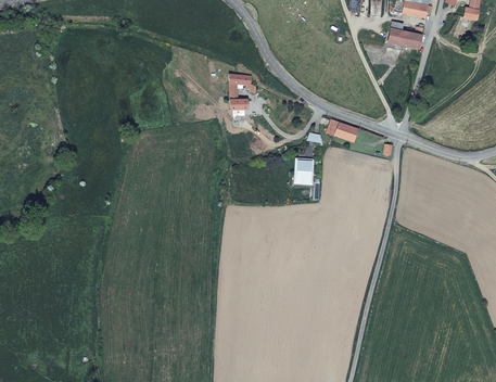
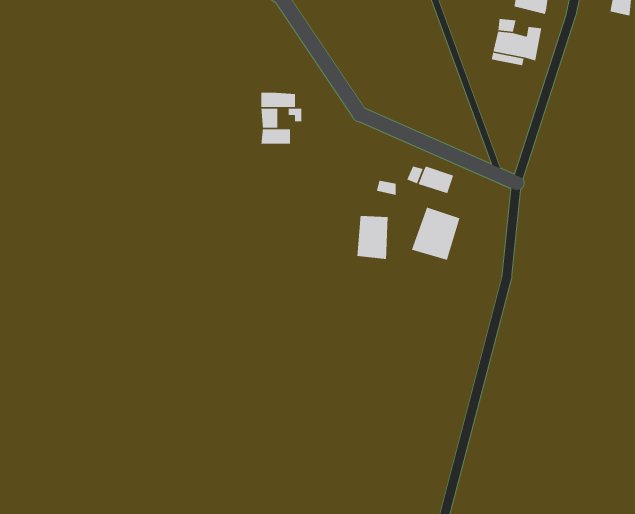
building: none -> [411,206,461,261]

